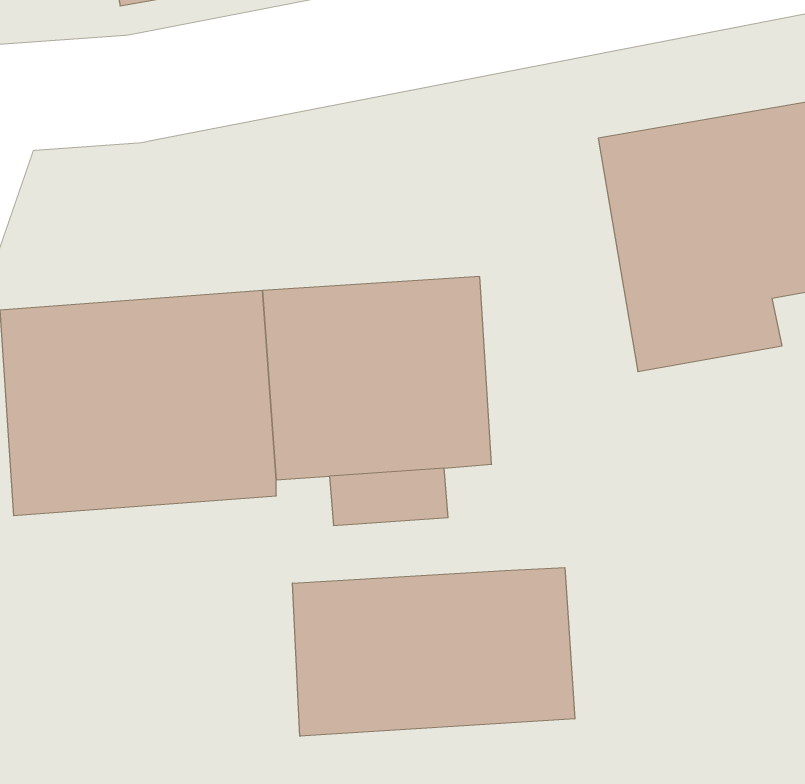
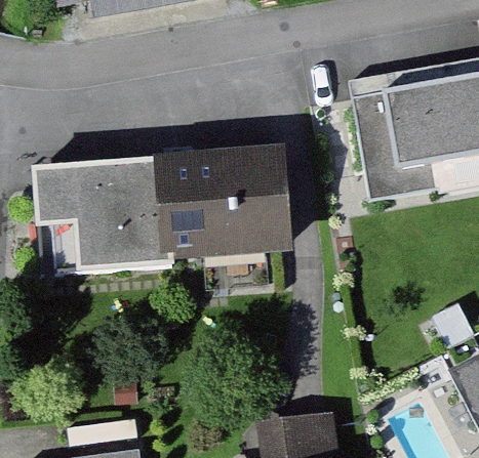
building: [292,568,575,736] -> none

